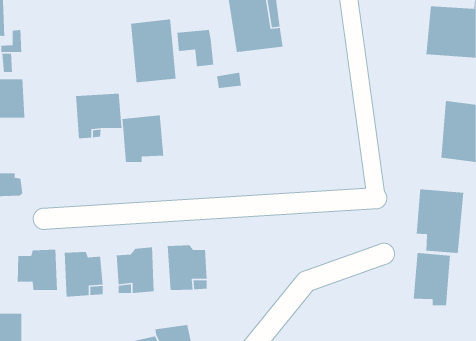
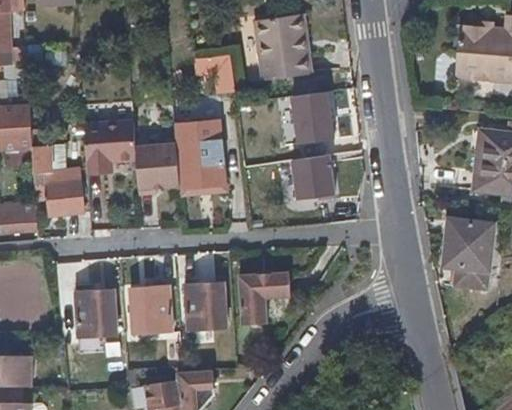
building: [130,19,176,83] -> [176,120,225,188]
building: none -> [297,99,351,138]
building: none -> [33,145,84,214]
building: none -> [292,154,345,203]
building: none -> [239,273,290,327]
building: [17,249,58,291] -> none
building: [413,252,451,306] -> none

